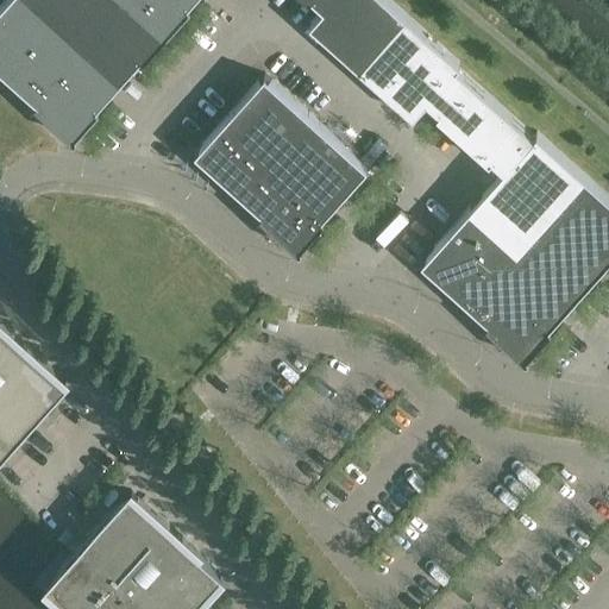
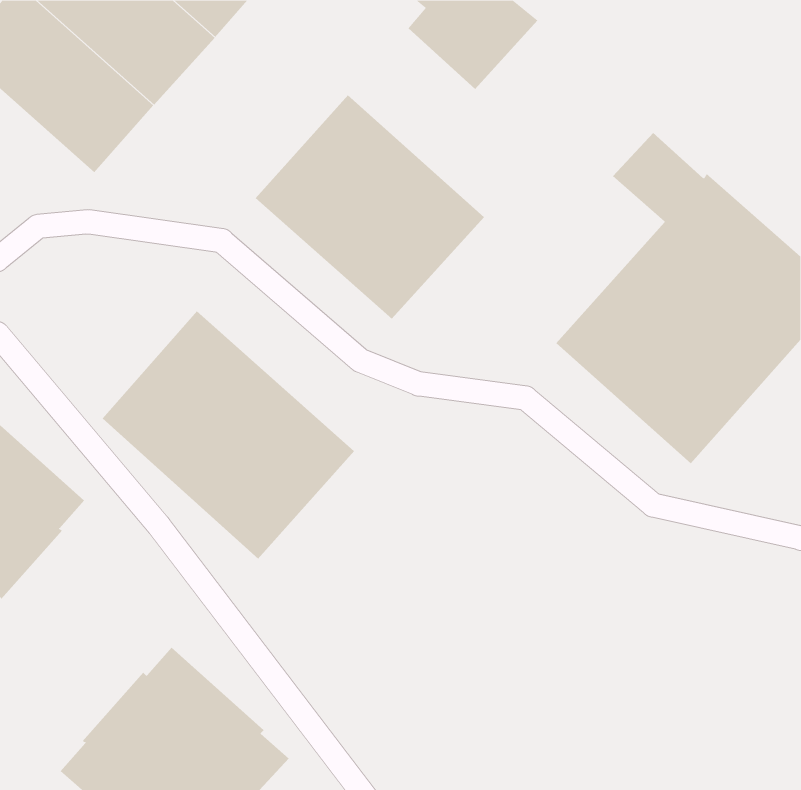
building: [359,26,494,144] -> none
building: none -> [102,310,355,560]

